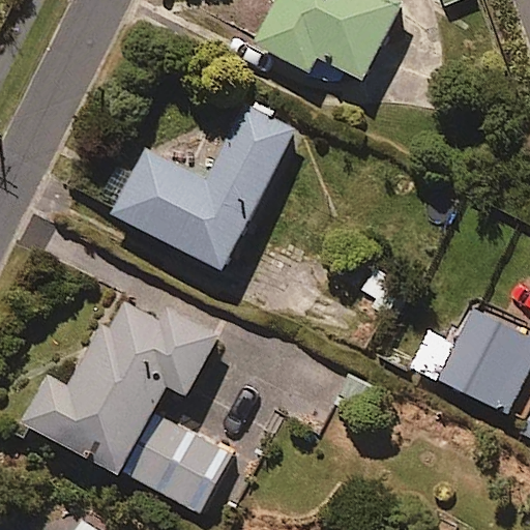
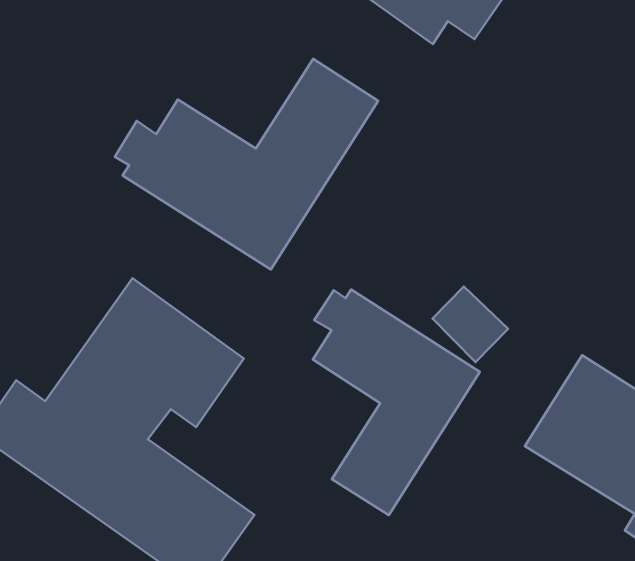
building: none -> [313,290,480,515]

